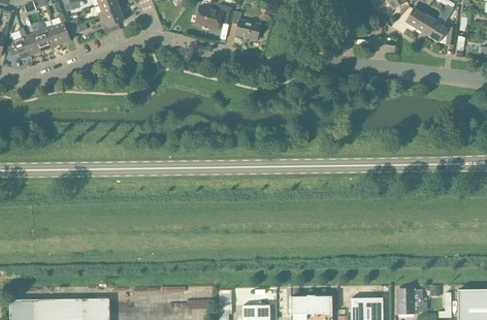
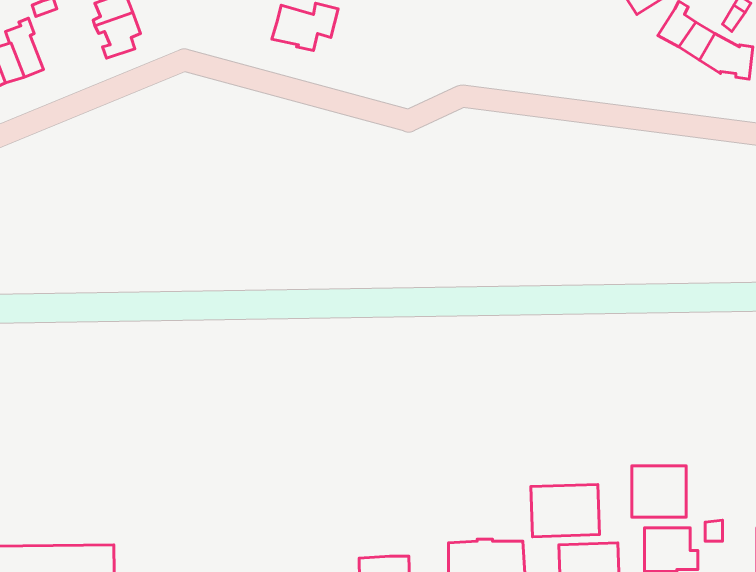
building: [232,11,260,39] -> none
building: none -> [632,466,686,517]
building: none -> [531,484,600,537]

